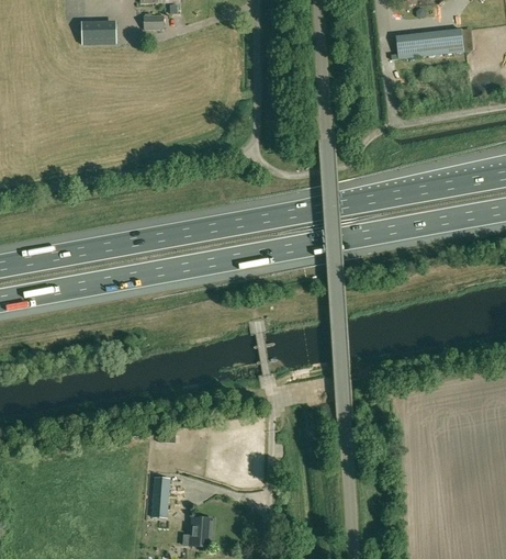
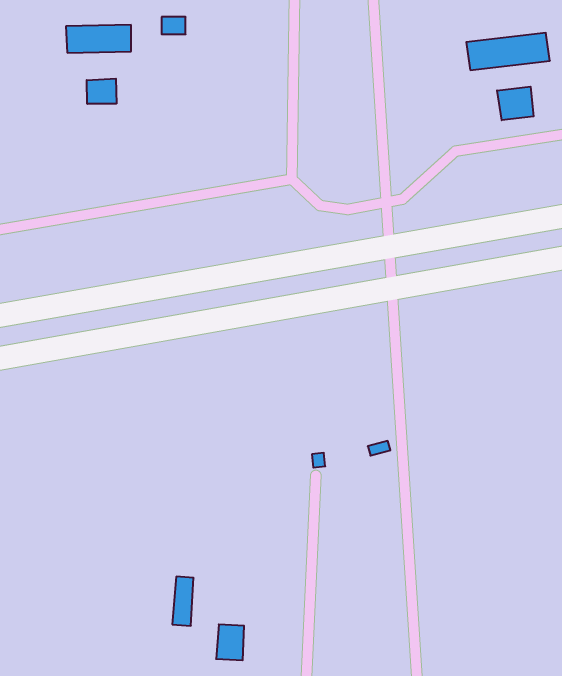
building: none -> [87,79,116,104]
building: none -> [497,87,534,120]

